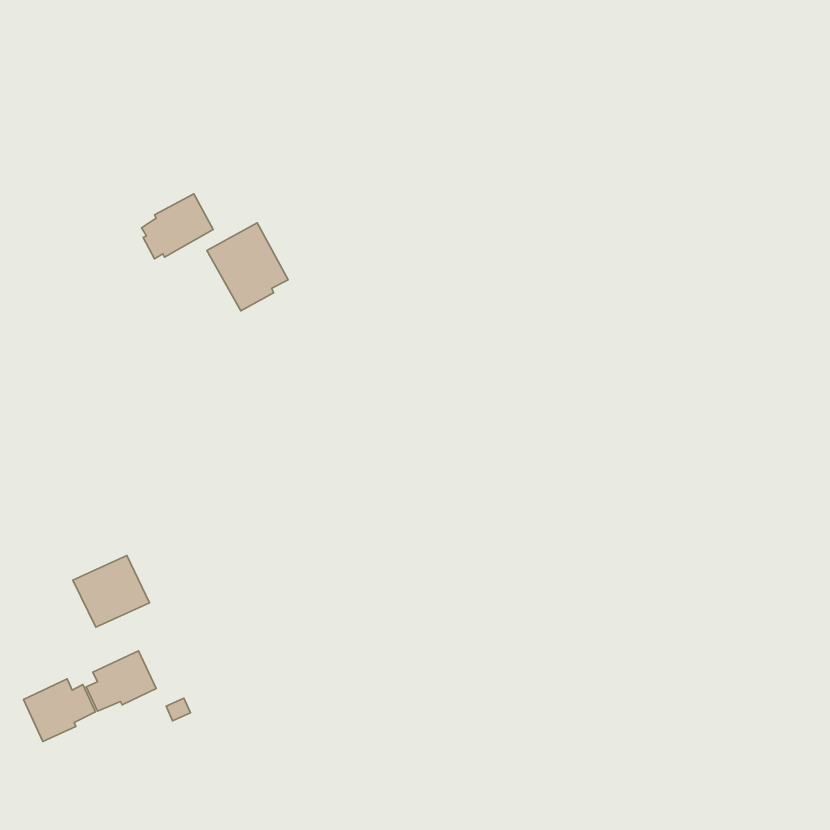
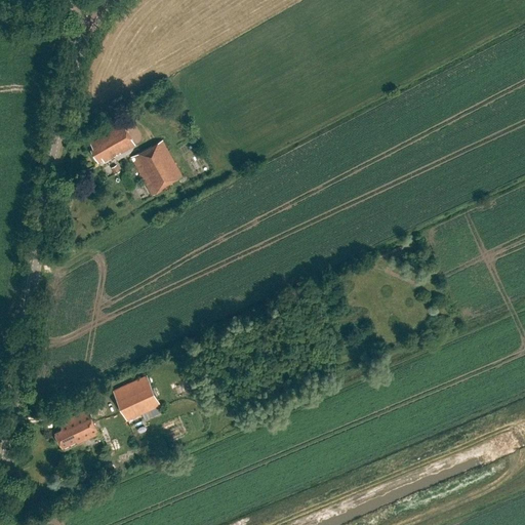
building: [73,556,149,627] -> [112,376,160,421]
building: [24,679,95,741] -> none

